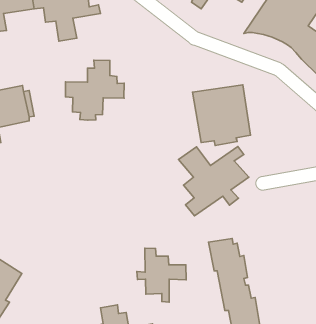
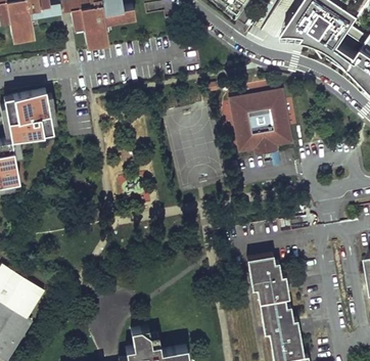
building: [66,60,124,120] -> none
building: [179,146,249,216] -> none
building: [137,248,186,302] -> none

